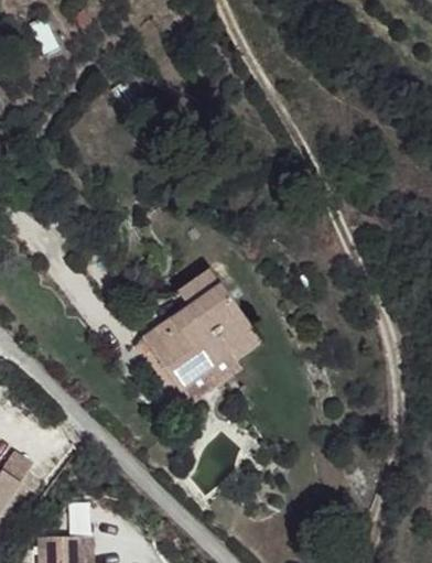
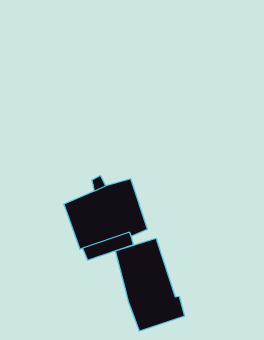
building: none -> [115,238,184,331]

